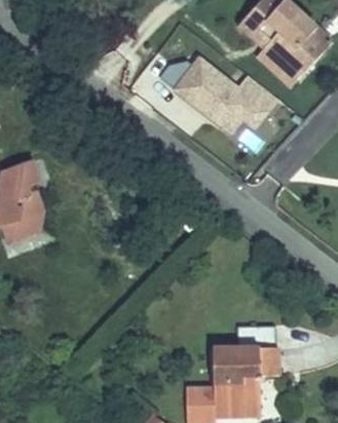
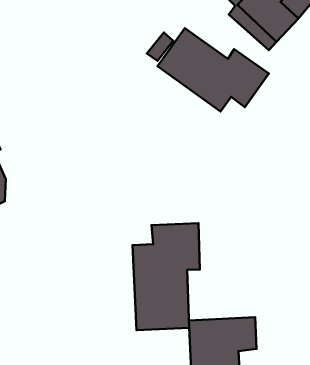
building: none -> [133,223,200,330]

